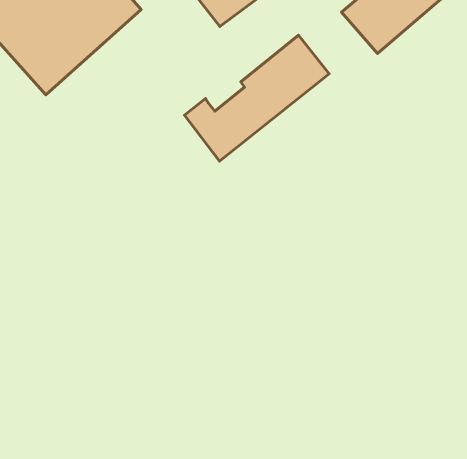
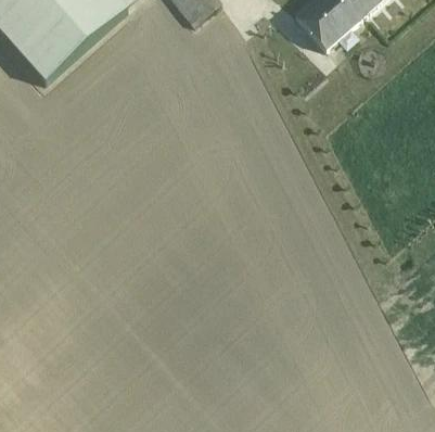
building: [184,35,329,161] -> none

